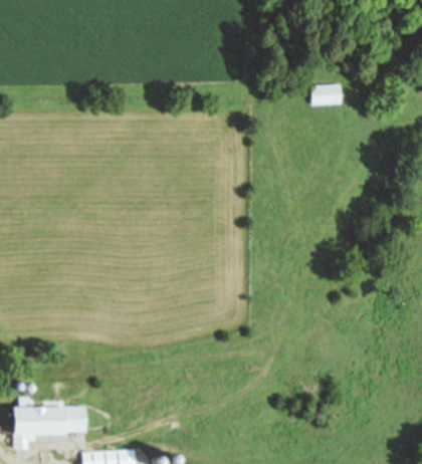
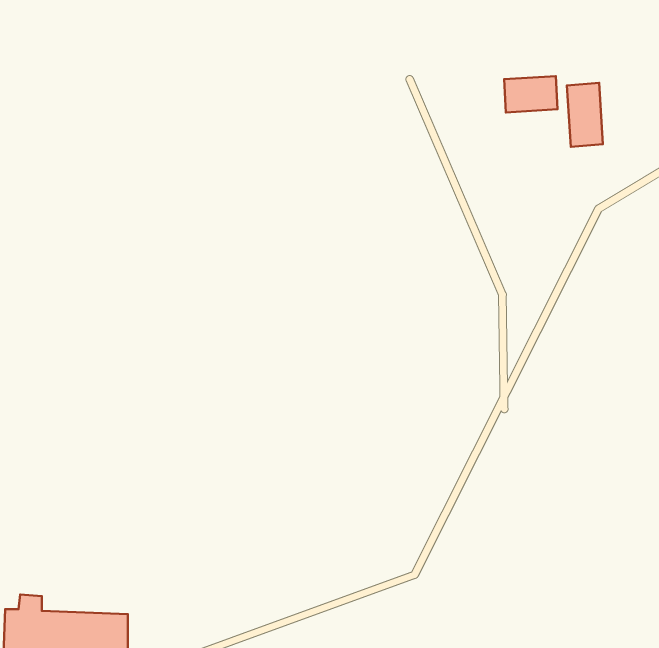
building: none -> [567,83,603,147]

